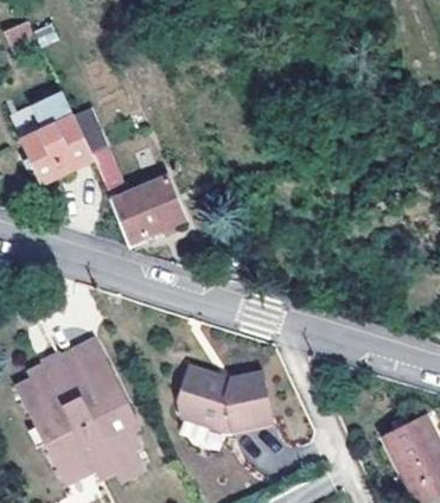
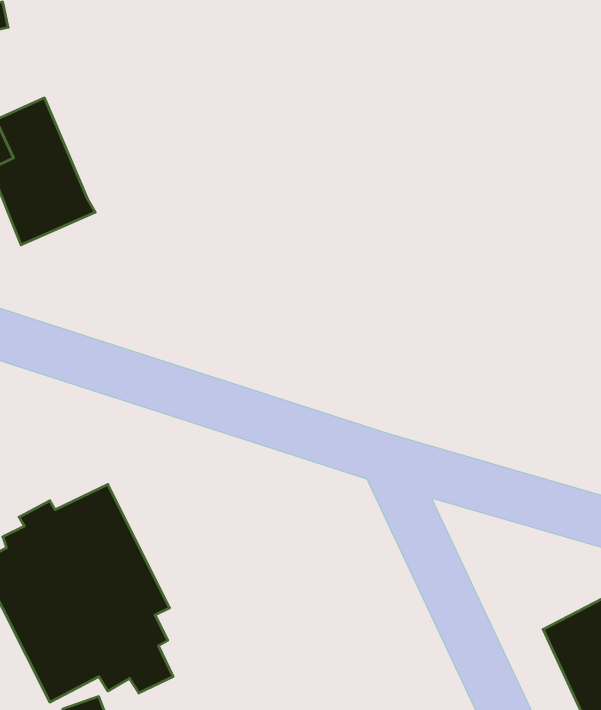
building: [87,147,183,247] -> none
building: [178,371,282,438] -> none

